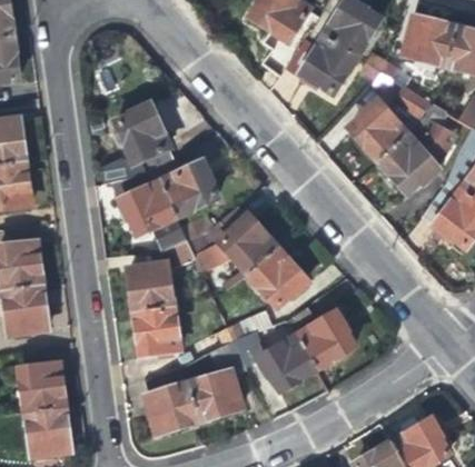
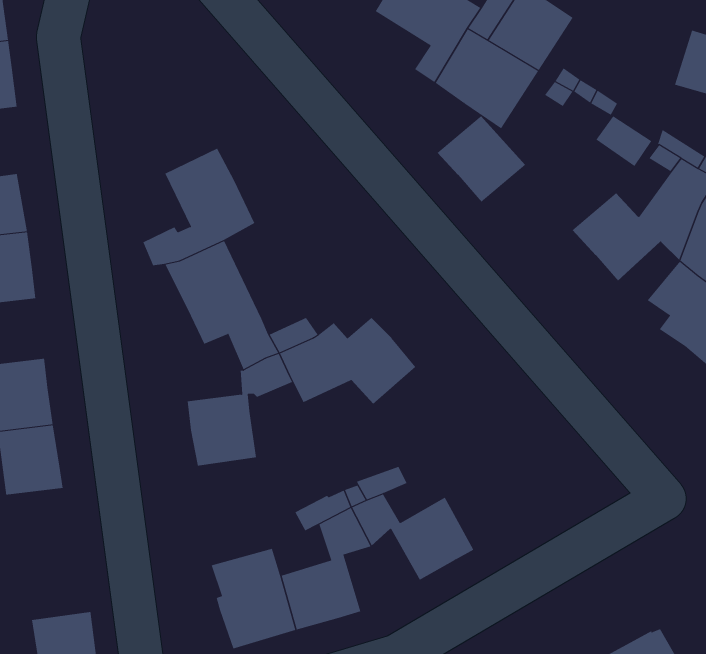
building: [405,19,456,66] -> none
building: [349,103,407,160] -> [437,115,526,203]
building: [152,153,218,218] -> none
building: [249,249,305,306] -> none
building: [296,305,353,368] -> none
building: [135,308,180,355] -> none
building: [21,367,66,414] -> none

